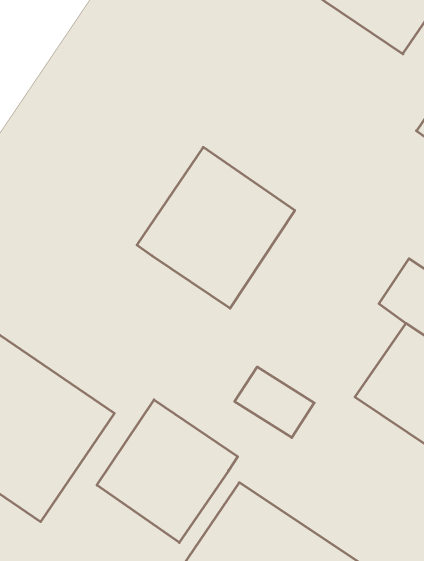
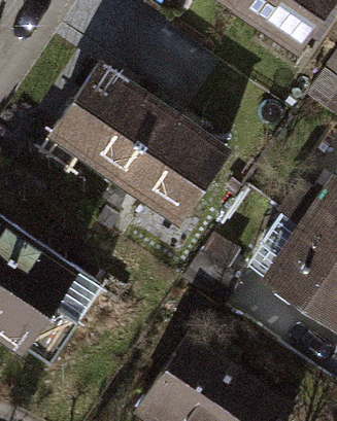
building: none -> [53,66,161,175]
building: [97,400,238,543] -> none

